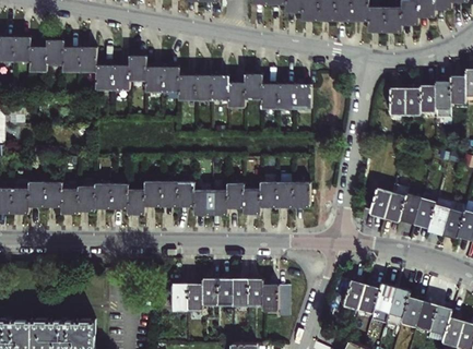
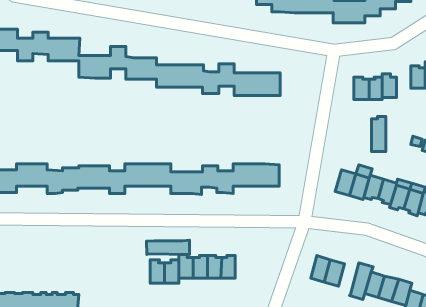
building: [436,82,451,119] -> [371,117,386,151]
building: none -> [147,240,189,255]
building: [371,282,395,321] -> none
building: [263,285,291,315] -> none

